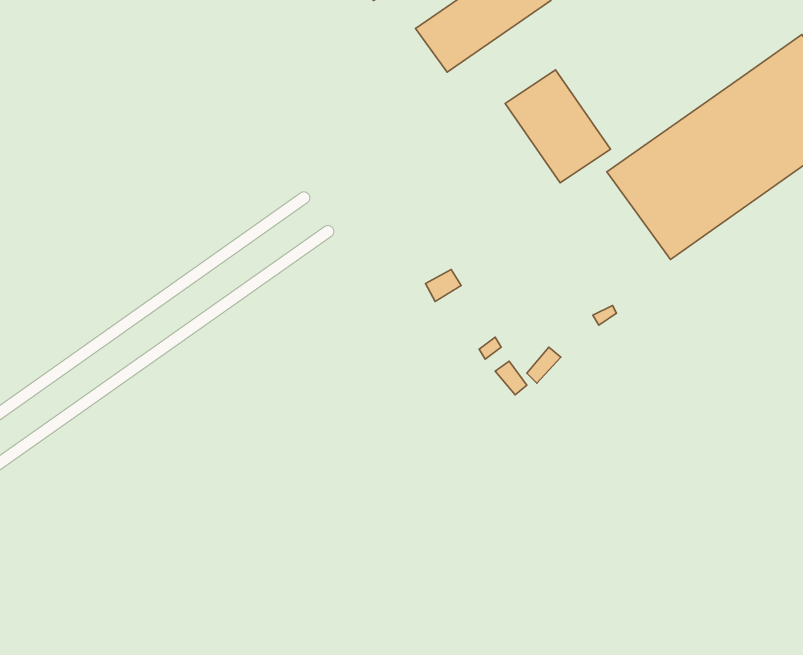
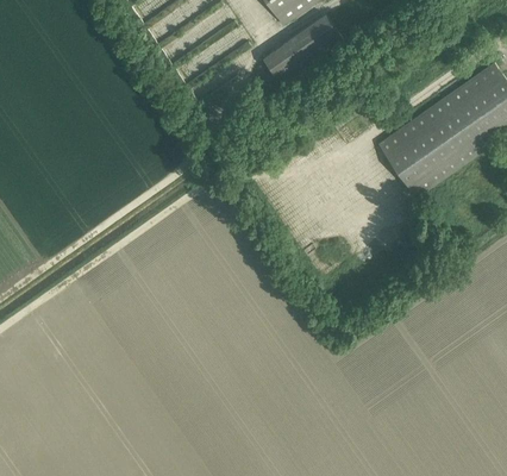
building: [505,70,610,183] -> none

